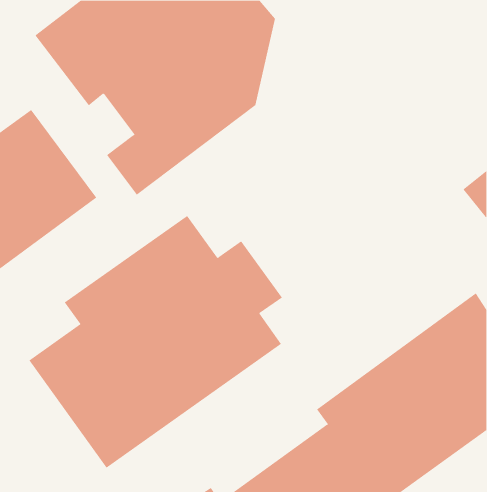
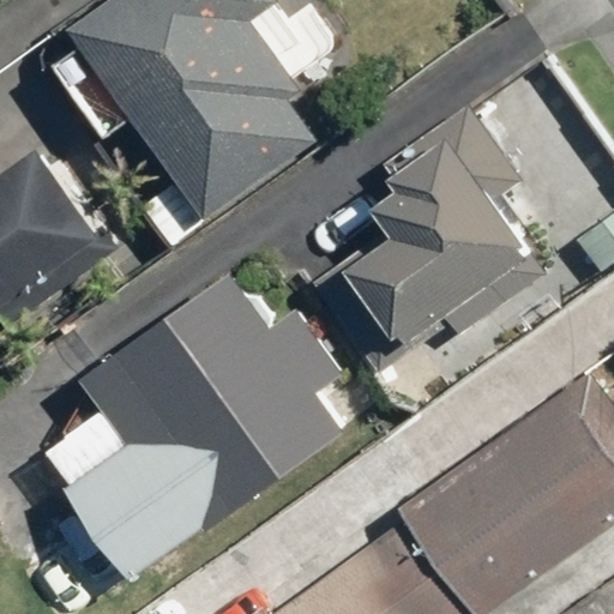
building: none -> [353,112,552,345]

